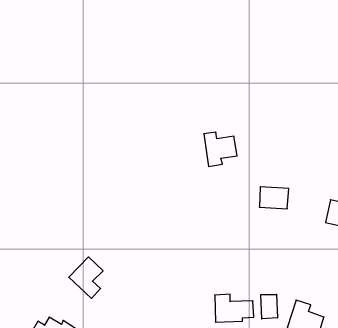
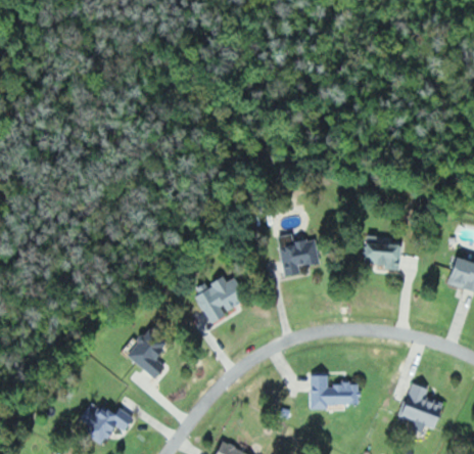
building: [204,132,237,166] -> [277,234,319,277]
building: none -> [191,277,245,325]
building: [261,294,277,319] -> none

